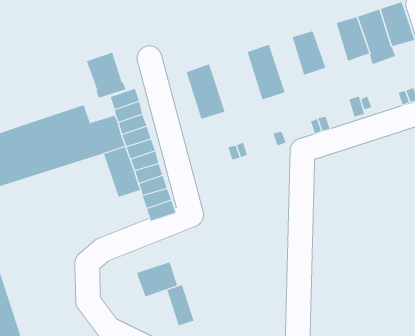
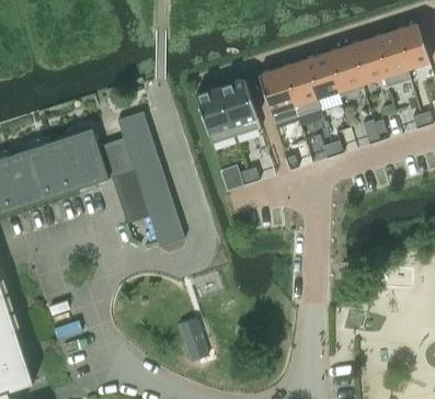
building: none -> [325,45,363,96]
building: none -> [281,59,319,116]
building: [86,52,126,99] -> none
building: none -> [219,79,260,136]
building: [136,261,178,297] -> none

